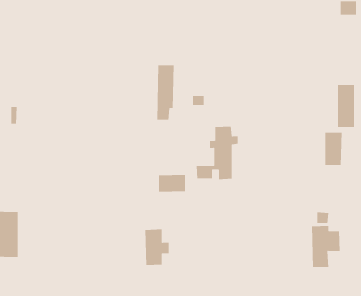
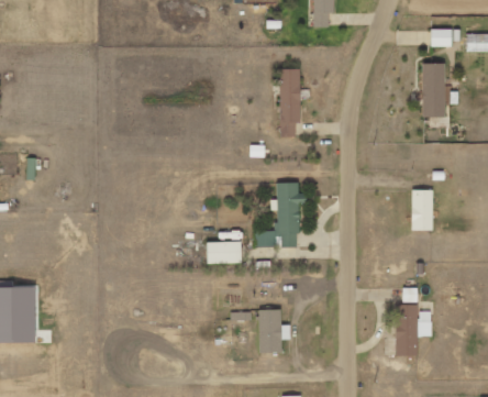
building: [157,65,175,120] -> [279,68,301,136]
building: [337,84,355,127] -> [423,63,445,115]
building: [145,229,170,266] -> [259,308,290,353]

